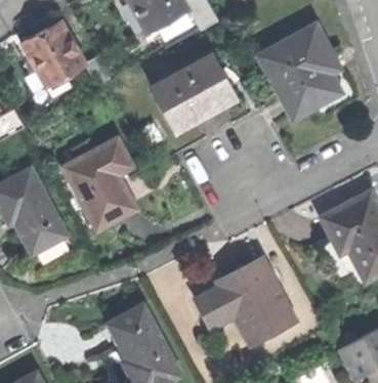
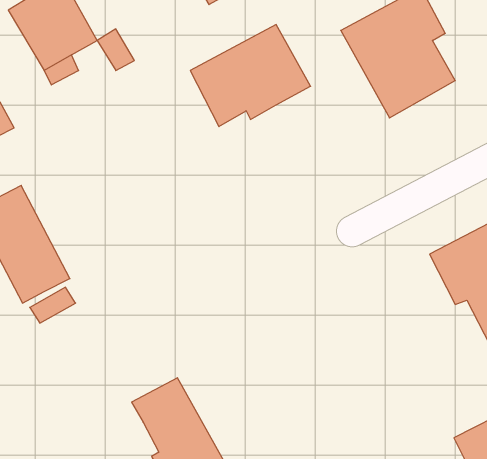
building: [62,137,135,229] -> none
building: [195,258,294,344] -> none

